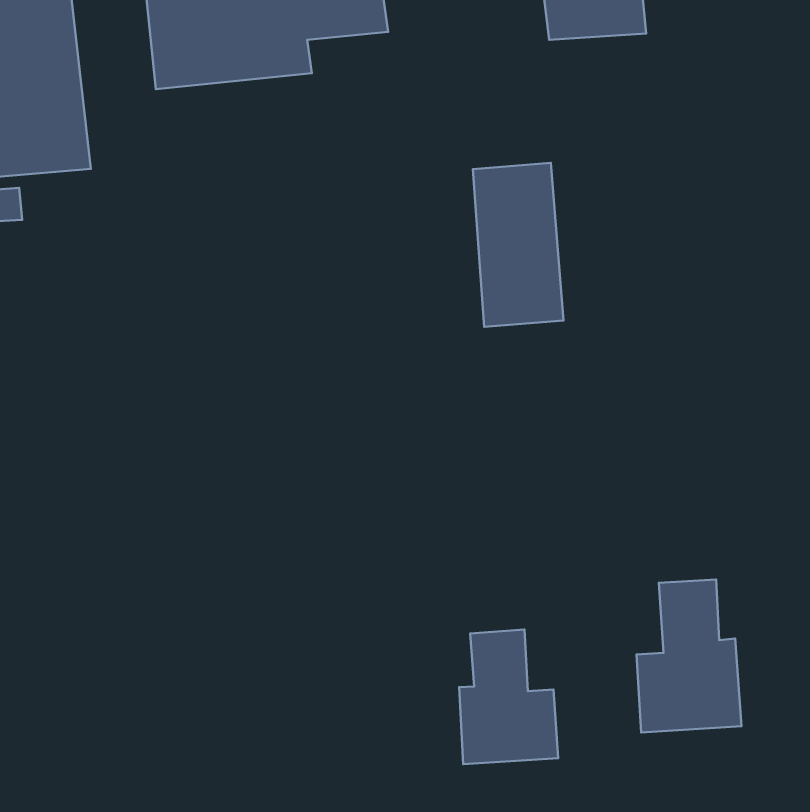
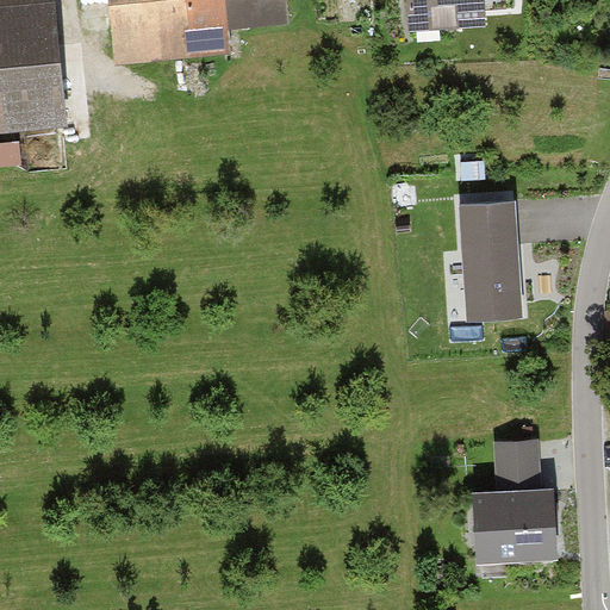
building: [473,163,564,327] -> [454,194,522,317]
building: [459,630,558,764] -> none

